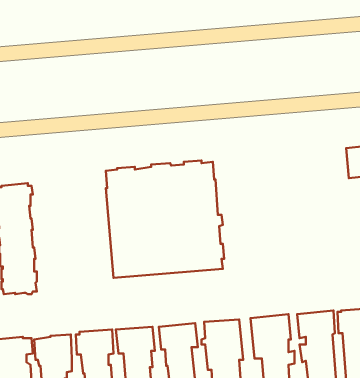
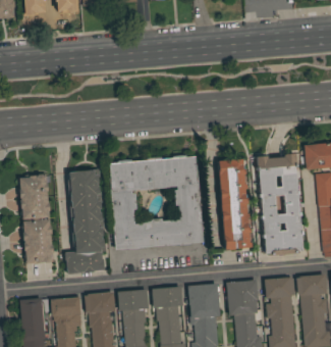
building: none -> [257,154,302,256]
building: none -> [218,159,252,250]
building: none -> [65,168,106,275]

